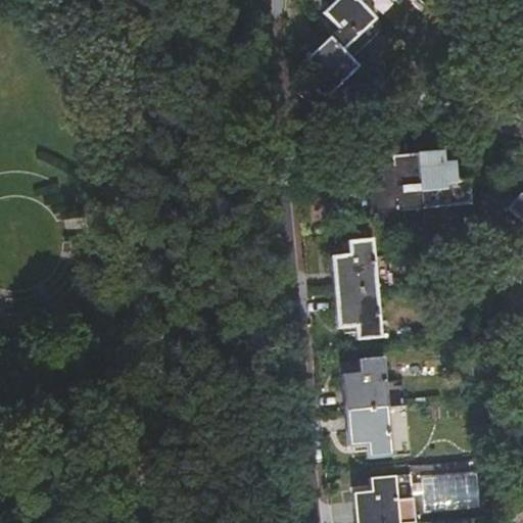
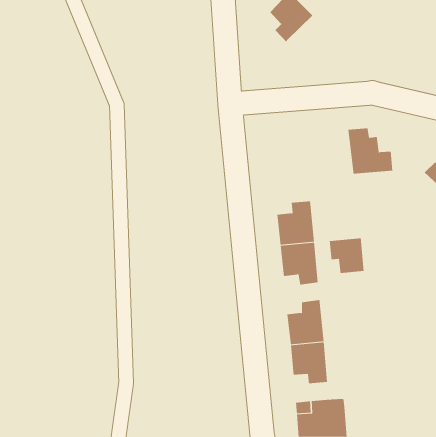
building: [305,36,359,100] -> none
building: [371,154,423,212] -> none
building: none -> [329,237,364,274]
building: [414,470,482,511] -> none

